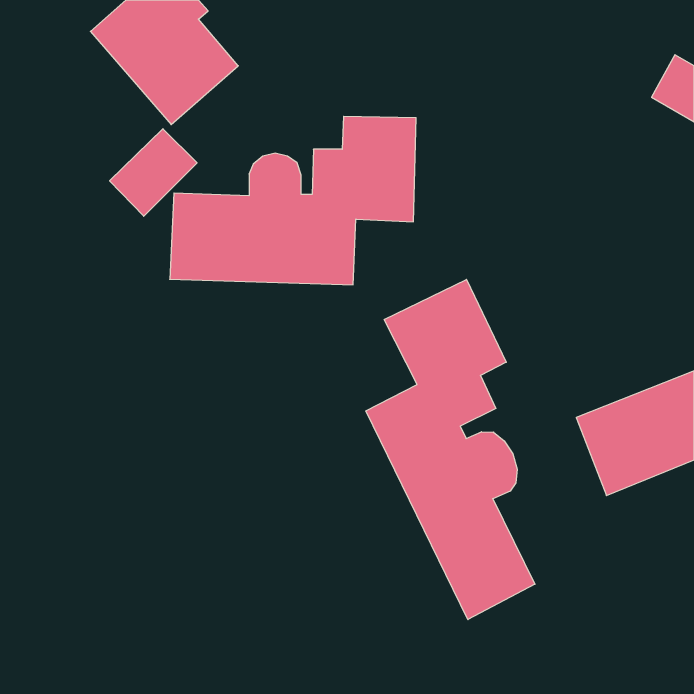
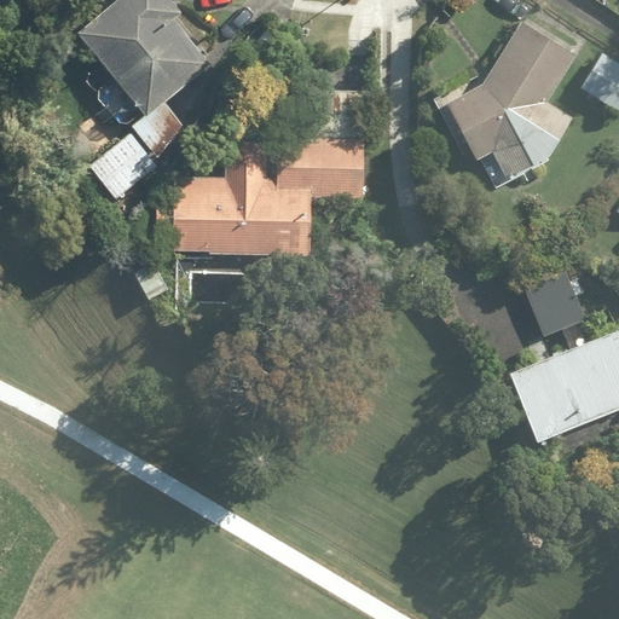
building: none -> [452,24,574,178]
building: [366,279,535,620] -> none
building: none -> [519,274,584,340]

